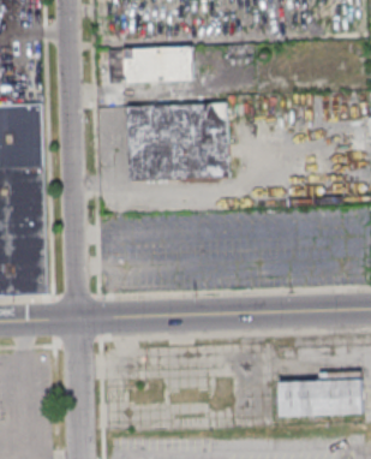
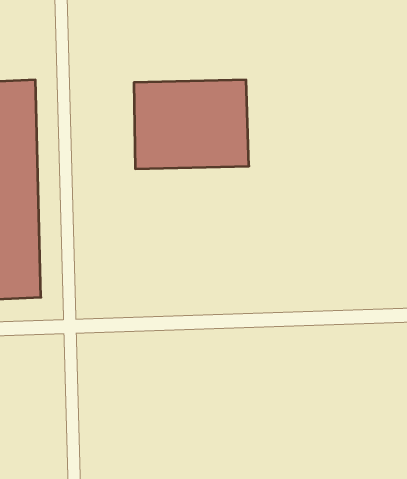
building: [107,47,192,84] -> none
building: [277,371,361,416] -> none

